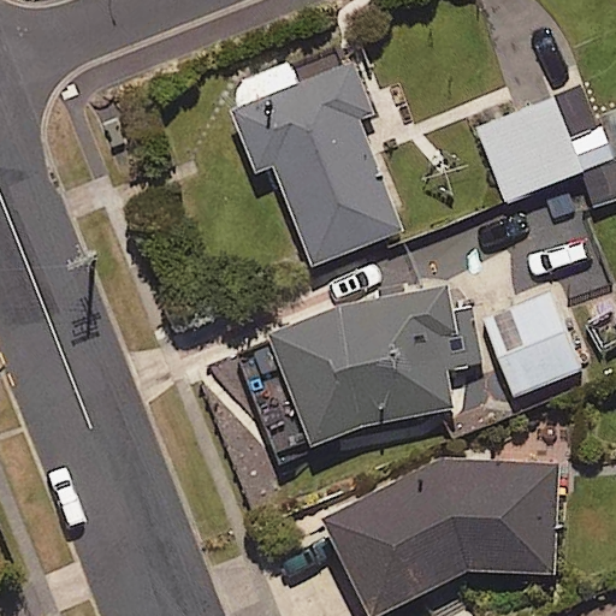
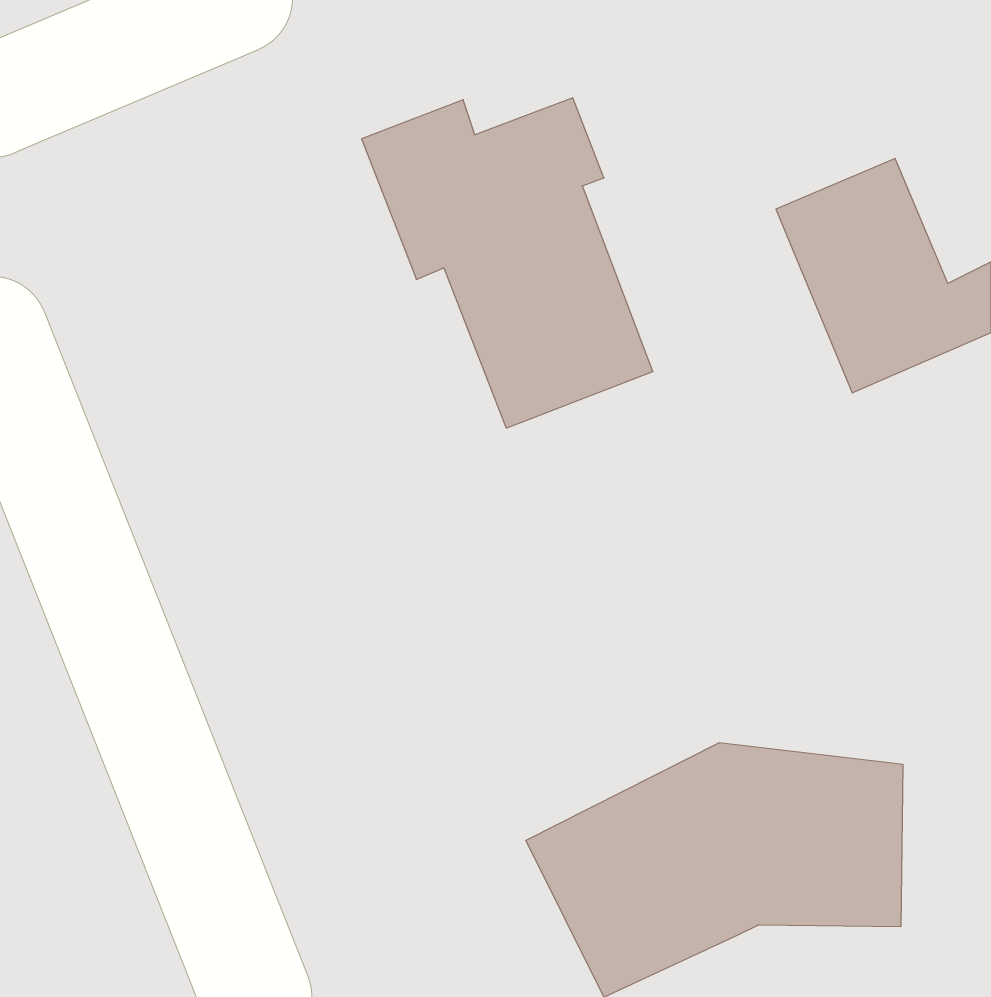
building: [238,286,475,458] -> none
building: [481,295,576,399] -> none

